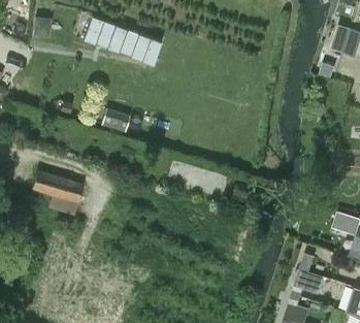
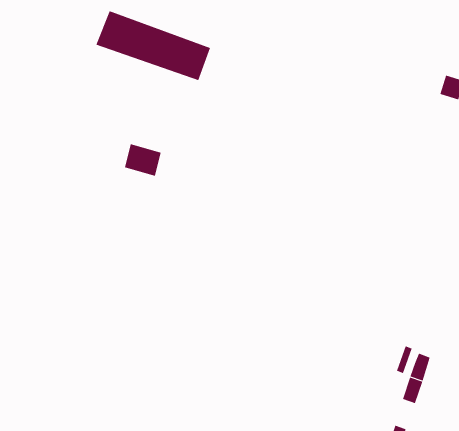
building: [32,169,84,213] -> none

